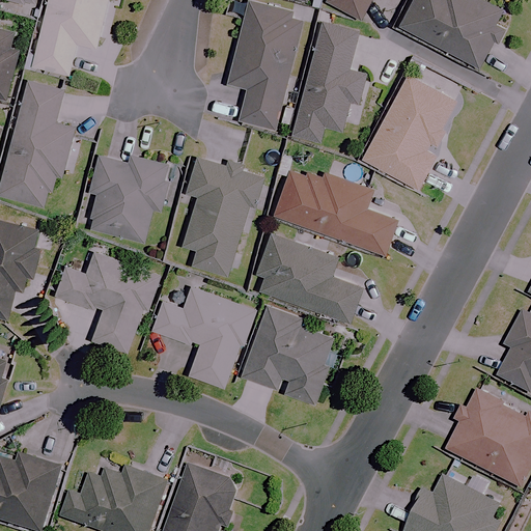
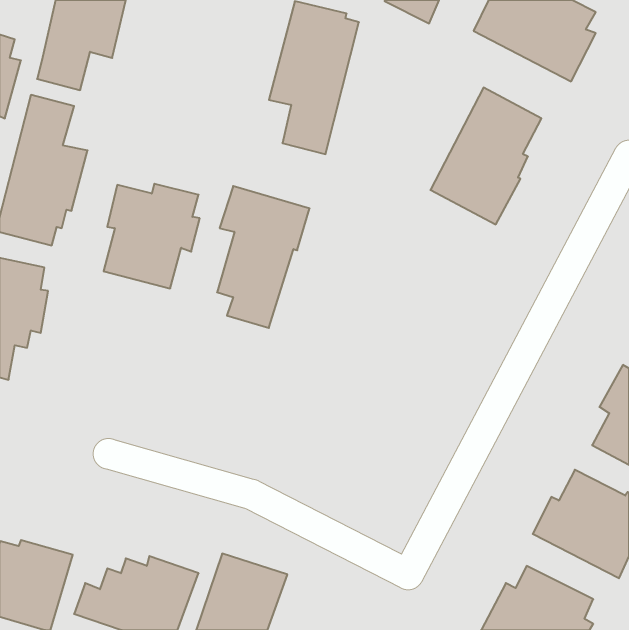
building: [290,22,365,142] -> none
building: [273,169,395,254] -> none
building: [257,233,360,322] -> none
building: [55,251,160,353] -> none
building: [152,285,254,387] -> none
building: [241,305,333,402] -> none

